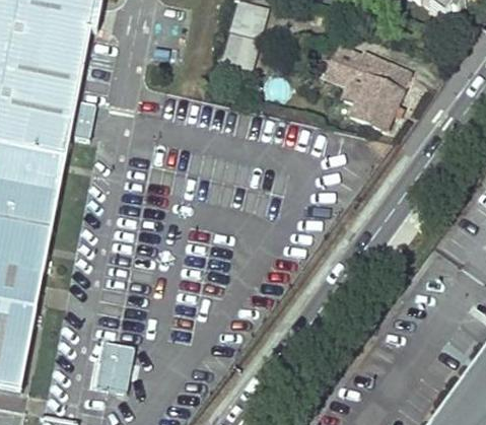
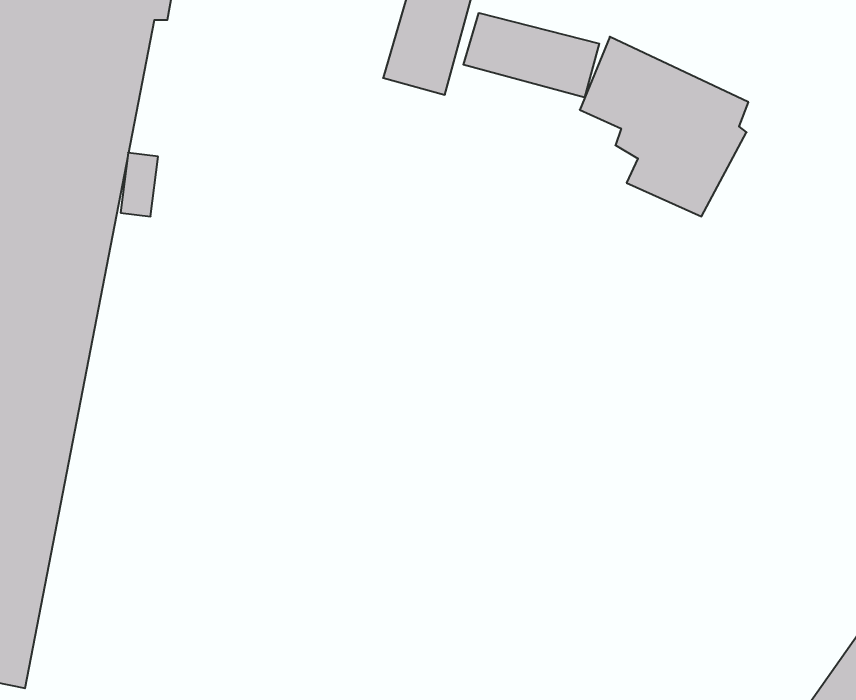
building: none -> [463,13,599,98]
building: [93,340,135,389] -> none

